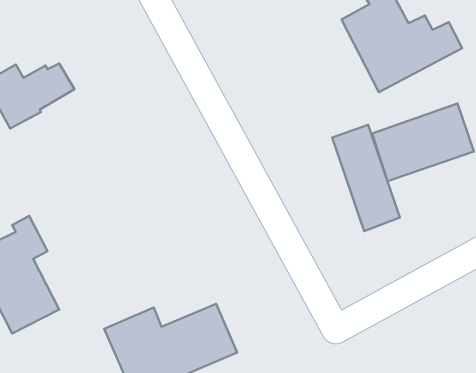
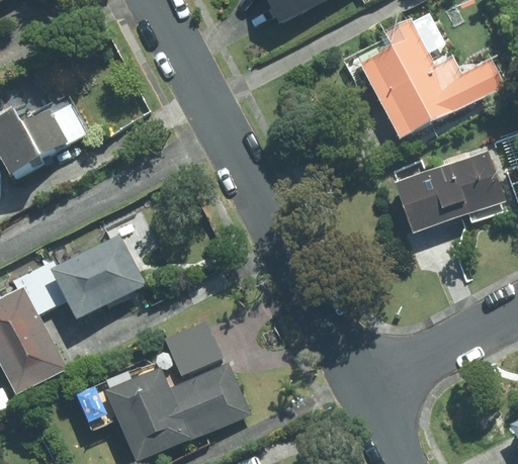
building: [332,125,400,231] -> none
building: none -> [32,234,144,319]
building: none -> [161,320,220,376]

